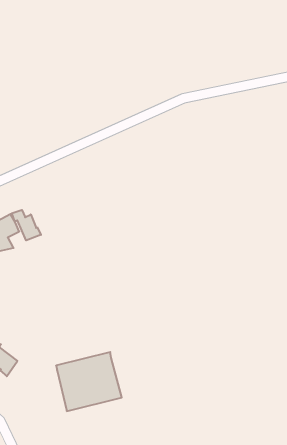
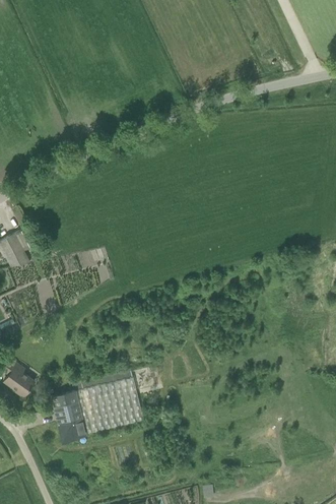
building: [12,210,41,240] -> none
building: none -> [51,391,85,440]

